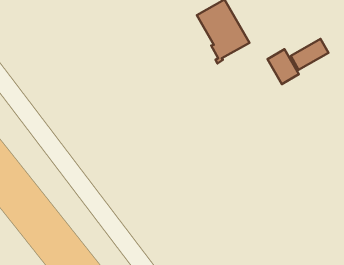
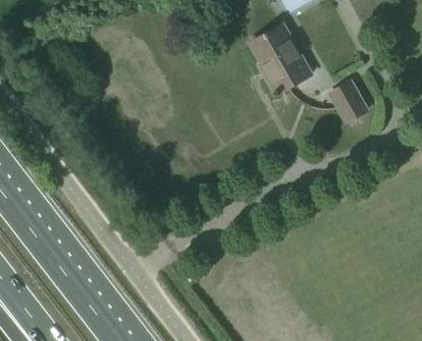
building: [291,39,328,70] -> none

